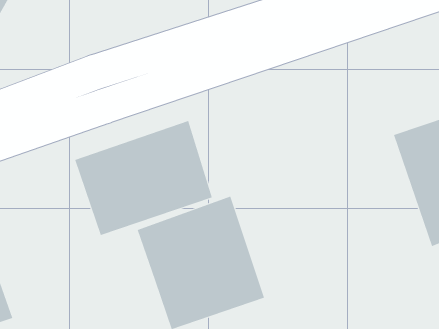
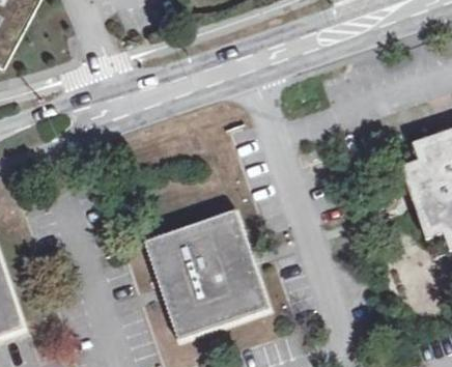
building: [75,120,213,236] -> none

